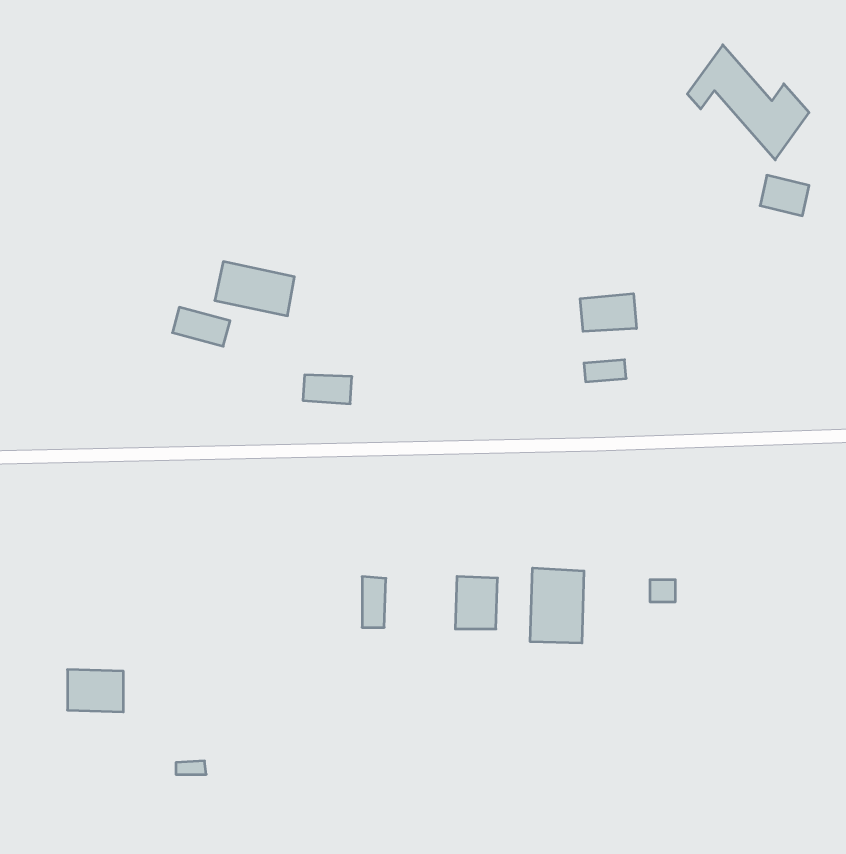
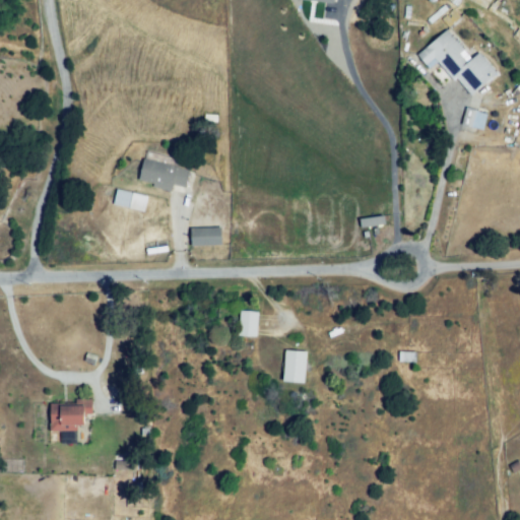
building: [580,294,636,331] -> none
building: [530,568,584,643] -> none
building: [362,577,386,627] -> [242,309,256,339]

